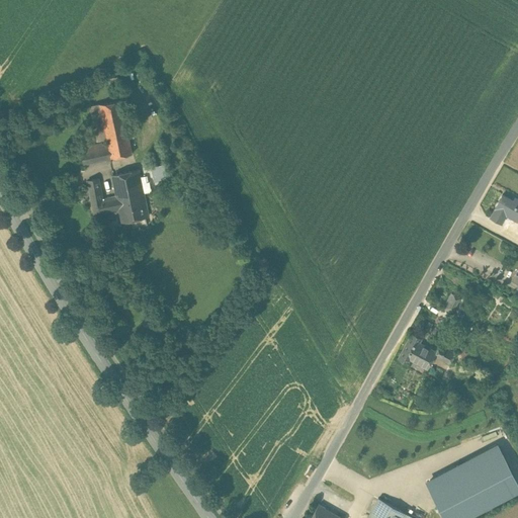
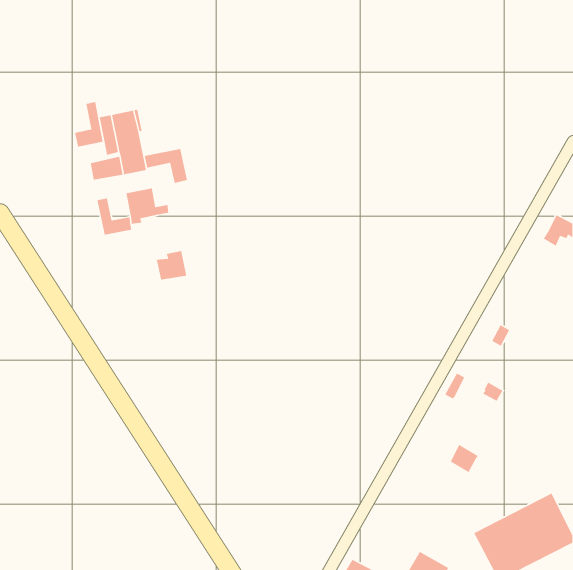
building: none -> [74,101,103,148]
building: none -> [144,148,188,184]
building: [118,197,147,225] -> [156,250,187,281]
building: [411,345,437,371] -> [450,444,479,473]

